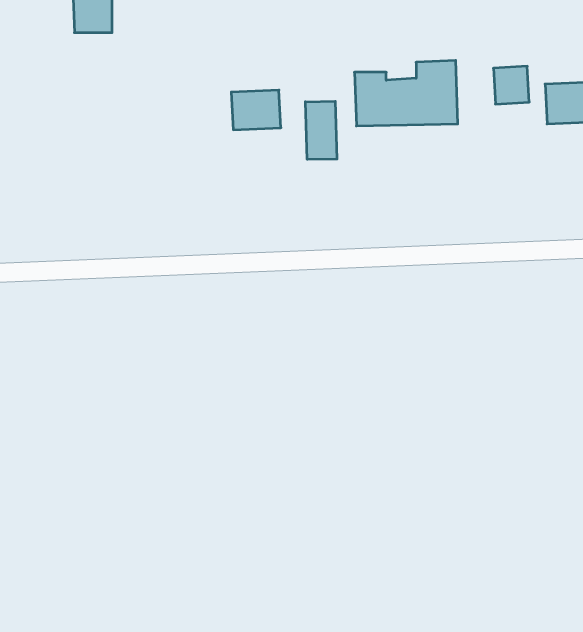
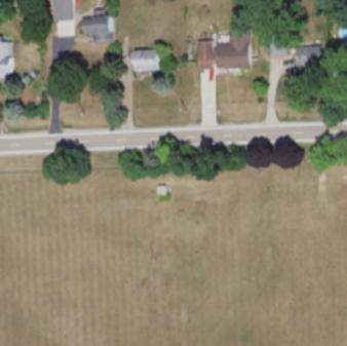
building: none -> [81,16,113,44]
building: [305,101,337,159] -> none

